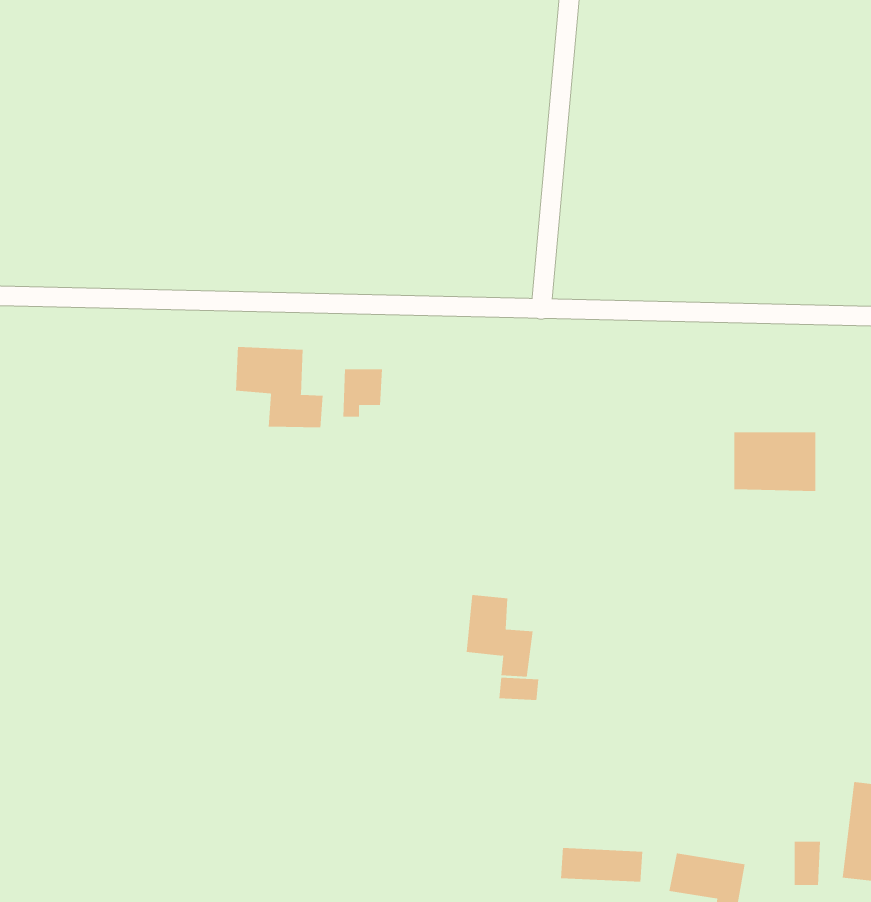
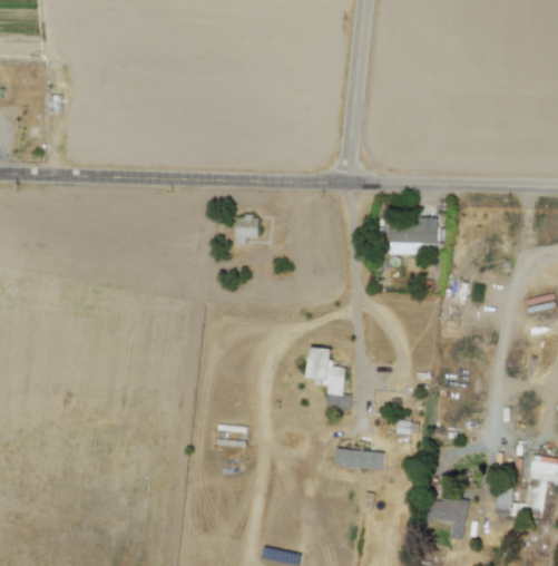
building: [236,346,323,428] -> none
building: [733,432,816,492] -> [390,218,438,253]
building: [560,848,643,882] -> [335,449,383,469]

